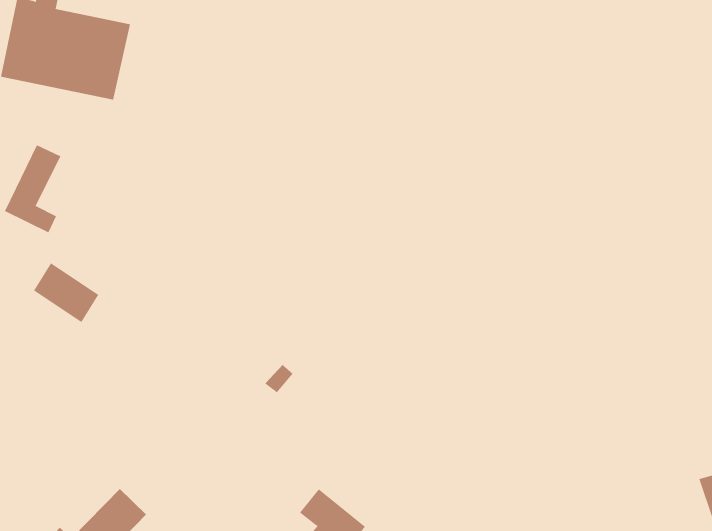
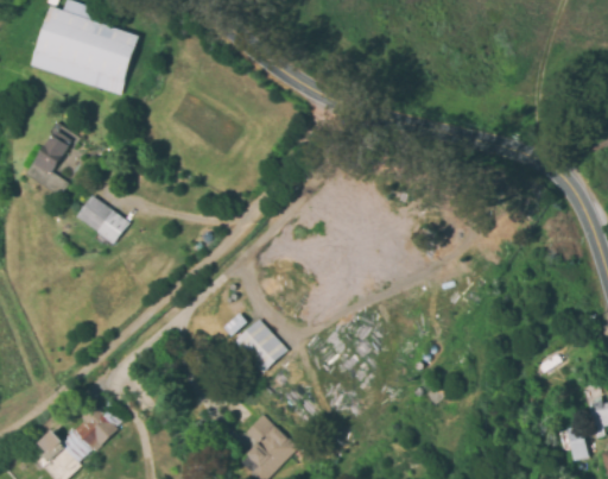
building: [33,262,99,323] -> [76,194,128,244]
building: none -> [234,319,286,372]

